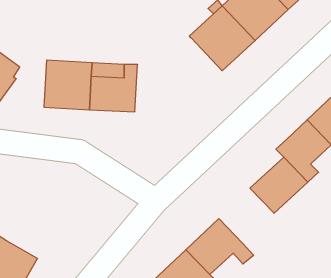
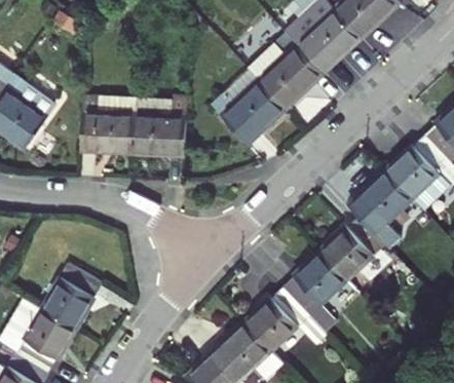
building: none -> [214,75,288,149]
building: none -> [283,248,347,312]
building: none -> [39,266,100,330]

